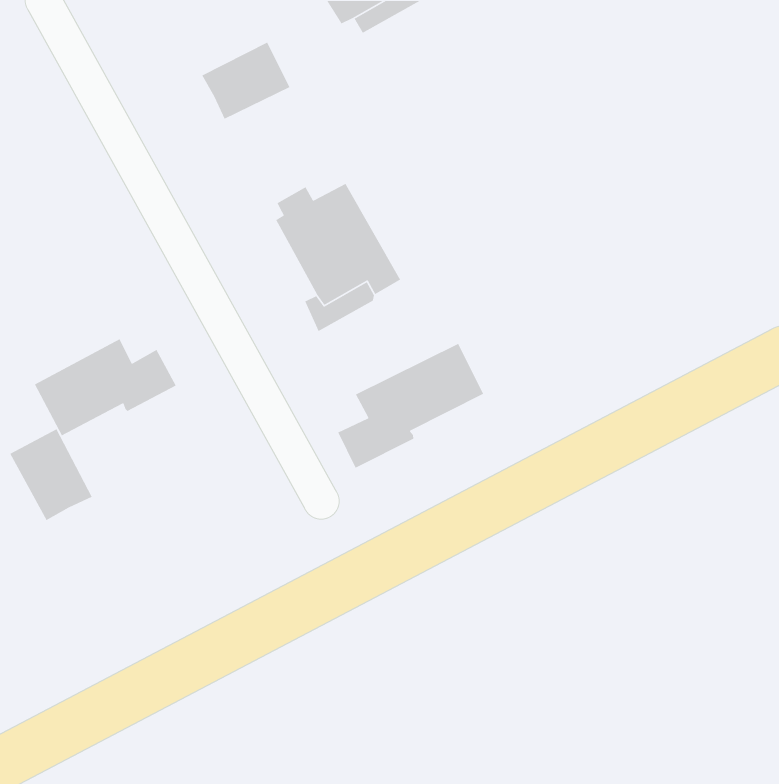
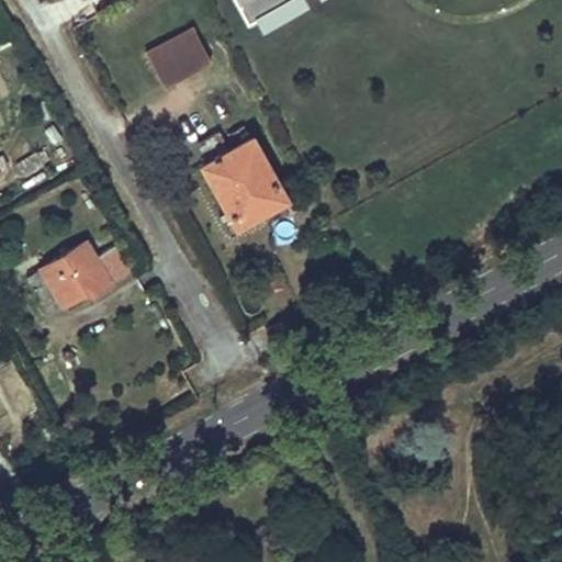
building: [337,343,484,469] -> none
building: [9,428,93,521] -> none

